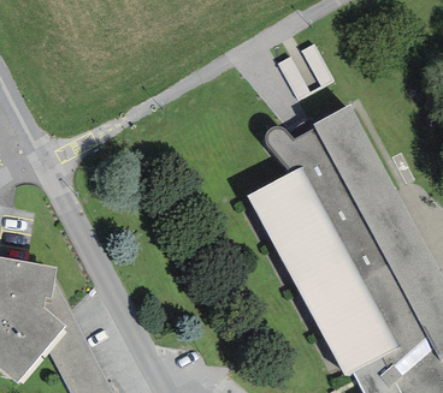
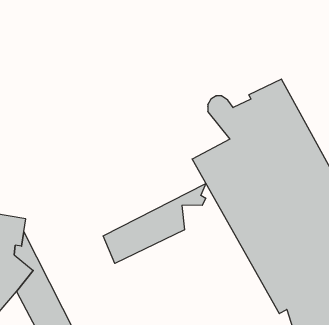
building: none -> [103,184,206,263]

